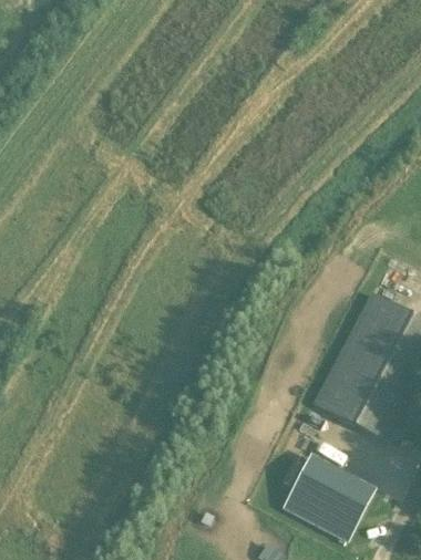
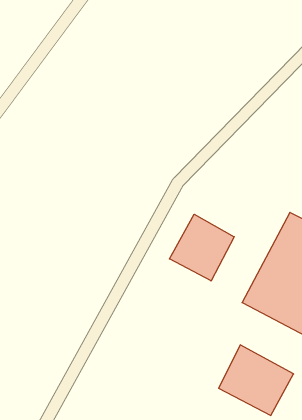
building: none -> [169,214,234,281]

